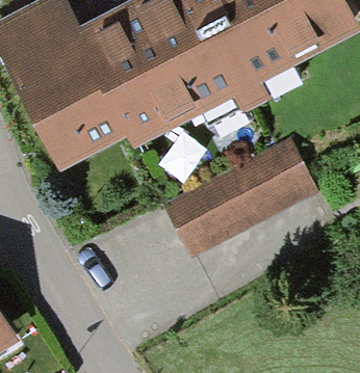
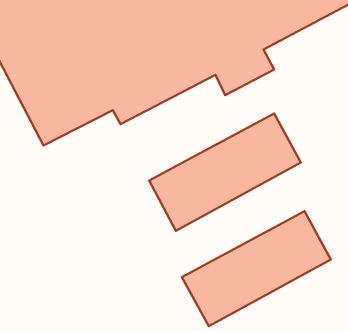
building: none -> [182,211,331,326]

